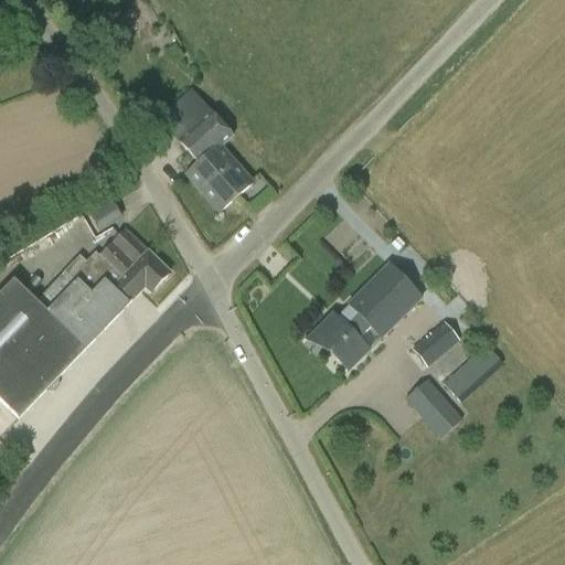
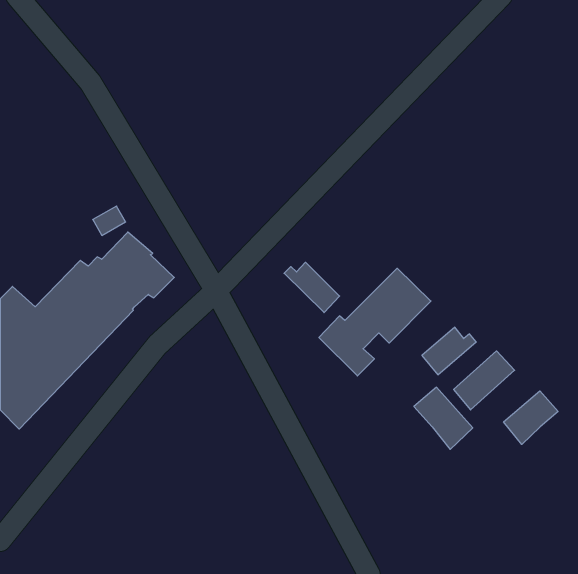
building: [156,86,257,209] -> none
building: none -> [284,262,340,313]
building: none -> [504,391,558,444]

